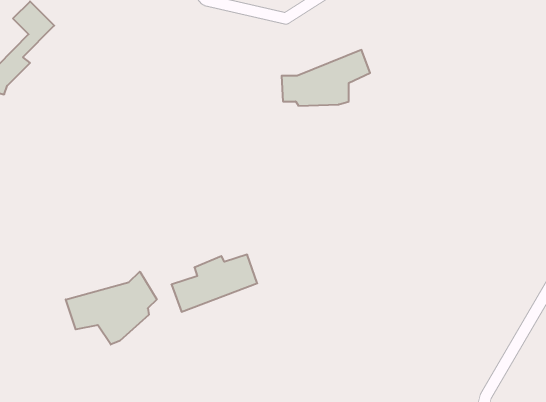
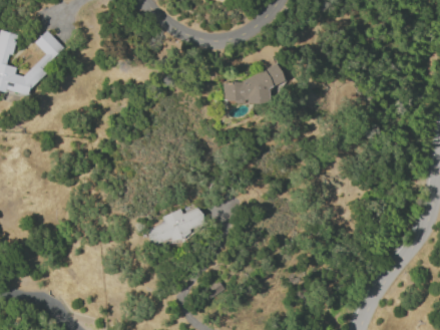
building: [66,272,157,345] -> none

